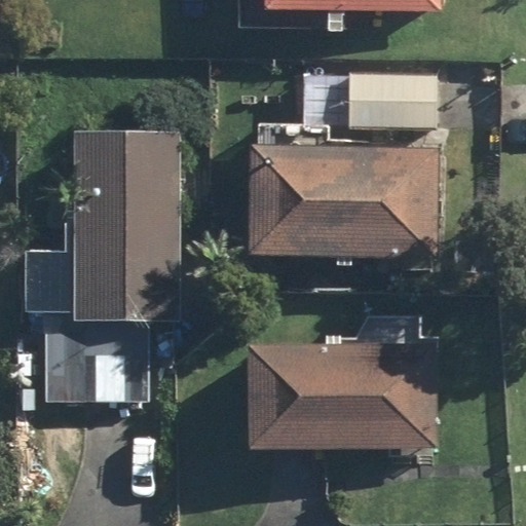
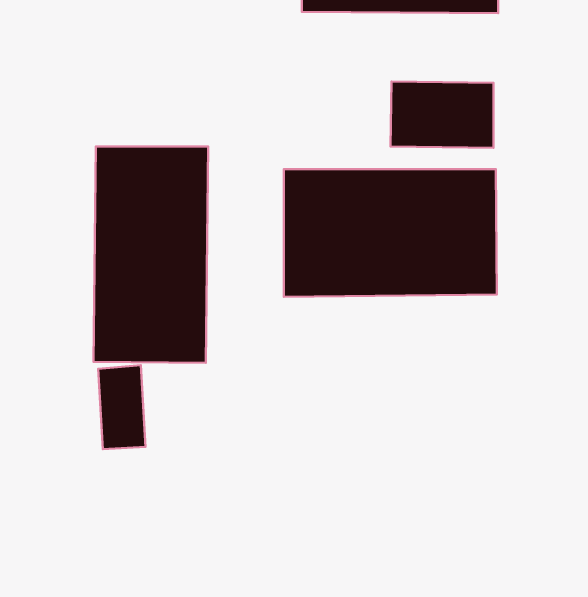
building: [247,343,431,451] -> none

